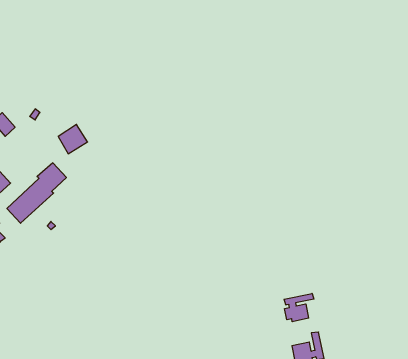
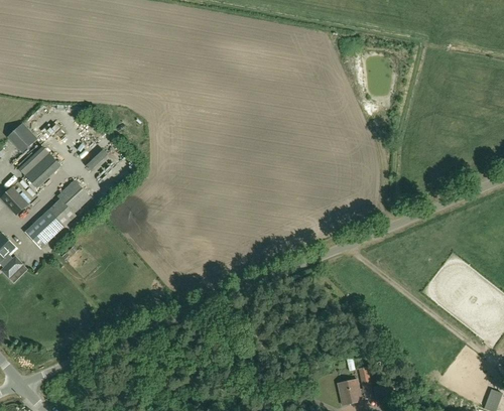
building: none -> [24,152,61,187]
building: [284,293,314,322] -> none

